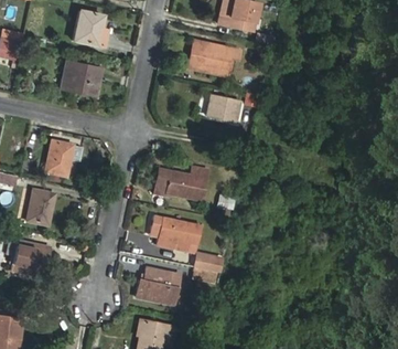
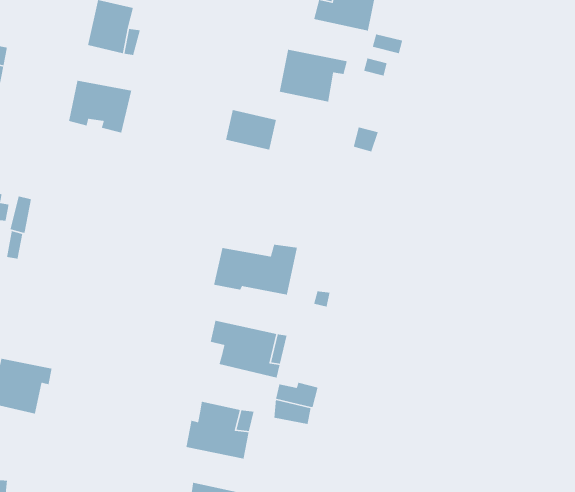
building: [206,95,239,121] -> [225,109,277,150]
building: [44,140,73,176] -> none
building: [26,189,54,224] -> none

